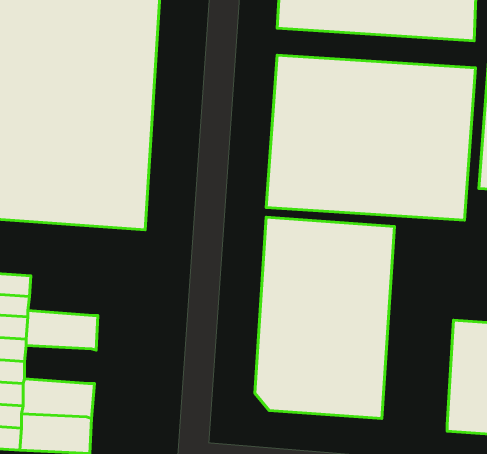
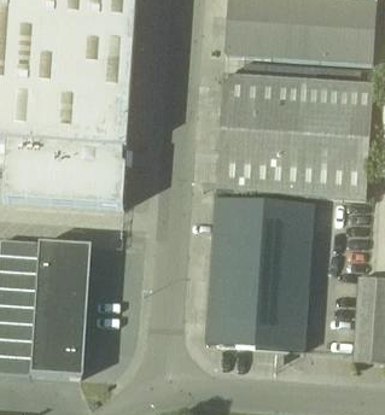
building: none -> [35,241,91,271]
building: none -> [33,294,87,323]

